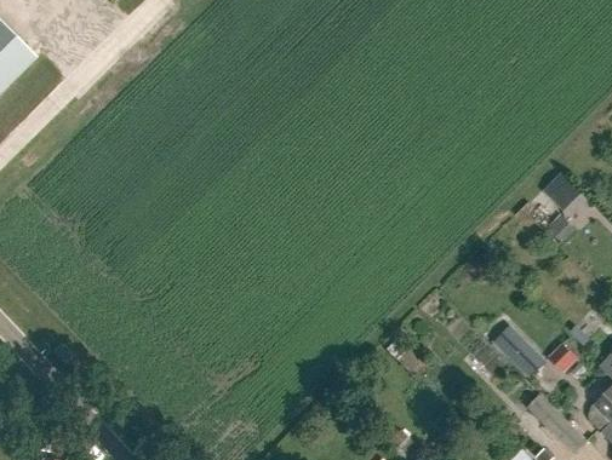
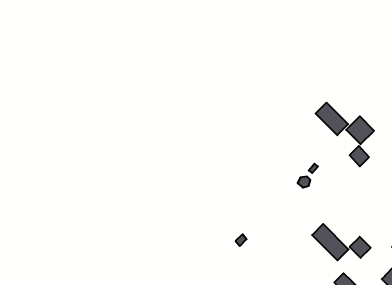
building: none -> [316,103,348,135]

